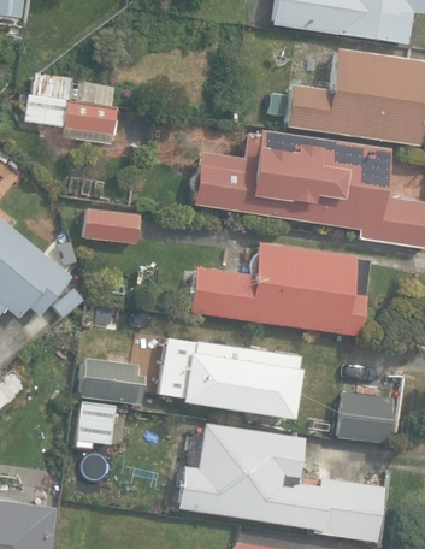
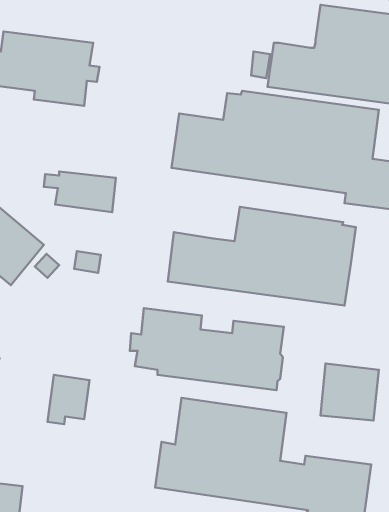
building: [78,358,143,405] -> none

